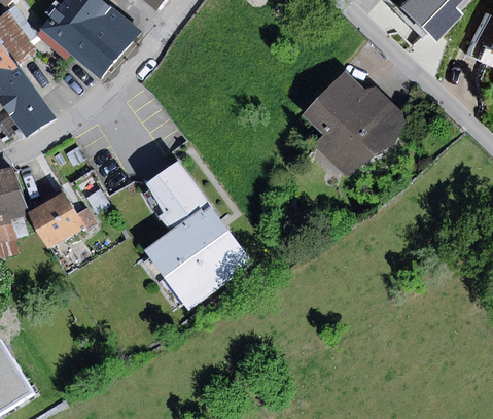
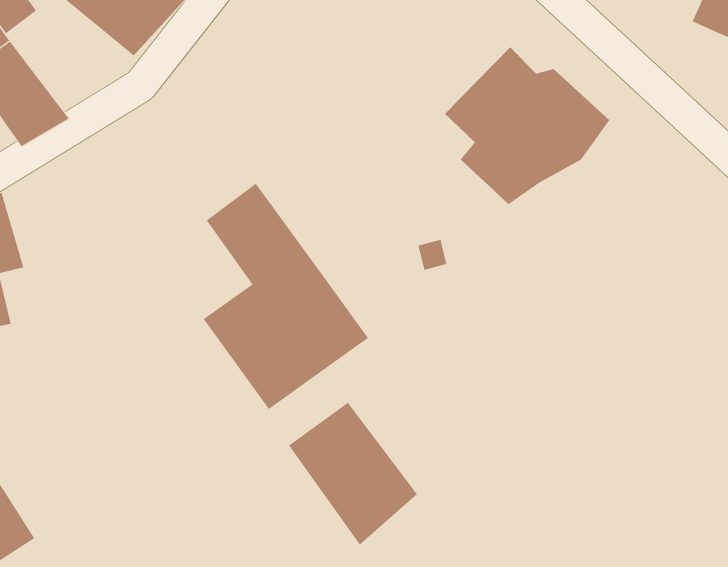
building: [27,191,96,249] -> none
building: none -> [288,402,418,545]

